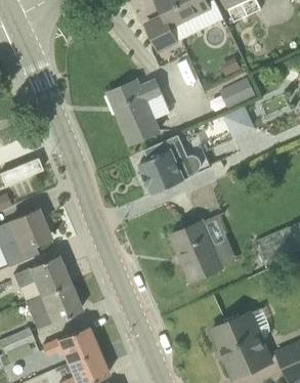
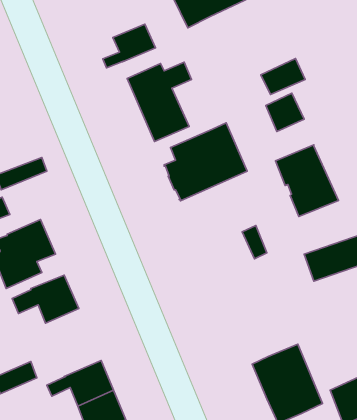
building: none -> [103,24,155,68]
building: [171,221,223,281] -> [275,145,338,217]
building: [25,283,80,328] -> none

